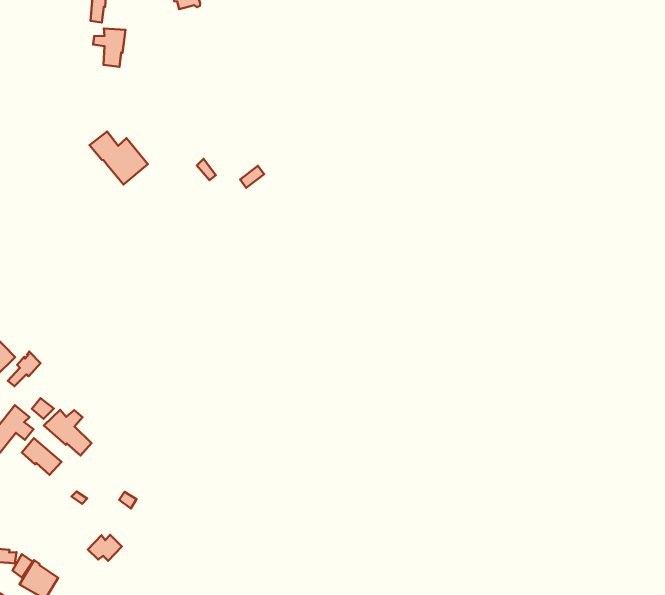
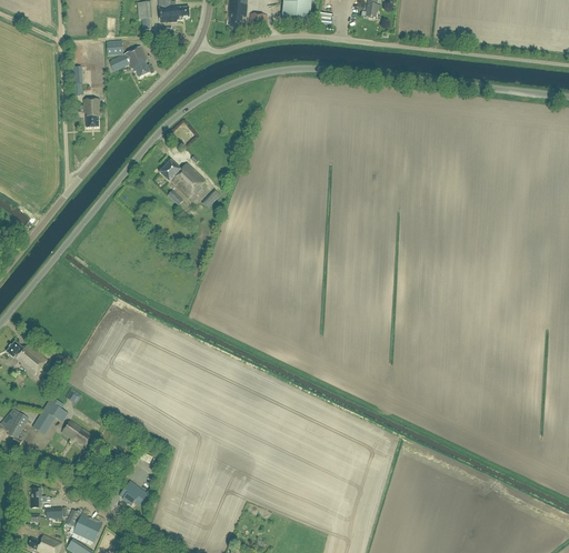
building: [89,131,148,184] -> [158,159,204,198]
building: [44,410,92,456] -> none

